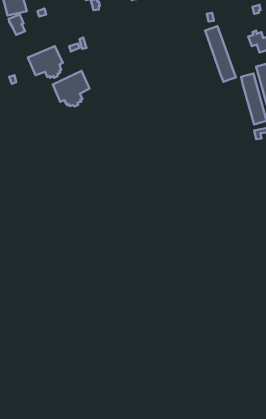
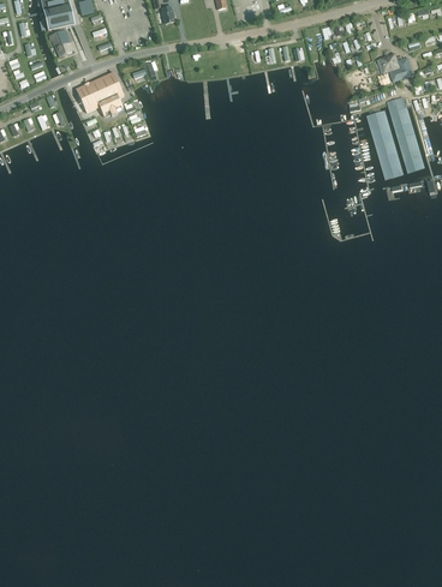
building: [205,26,236,82] -> none
building: [53,71,89,106] -> none

